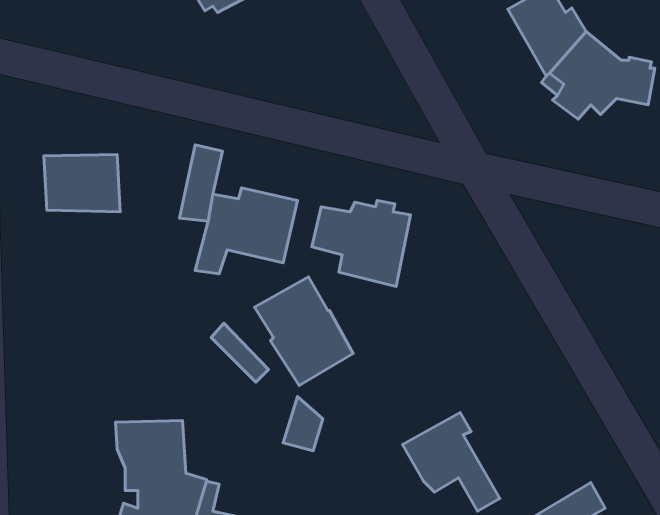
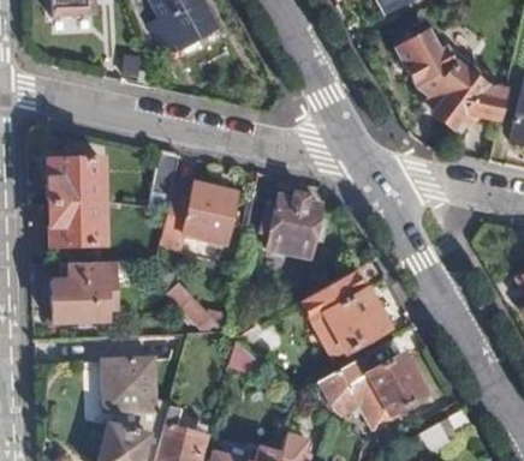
building: none -> [49,200,106,241]
building: [254,277,353,385] -> [311,268,386,349]
building: none -> [53,262,106,318]
building: none -> [363,349,428,418]

